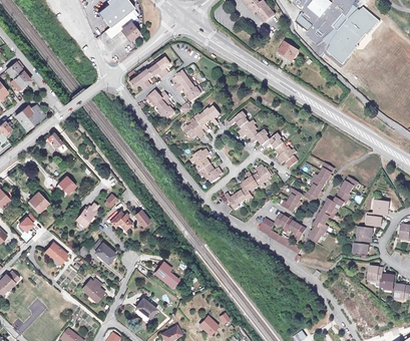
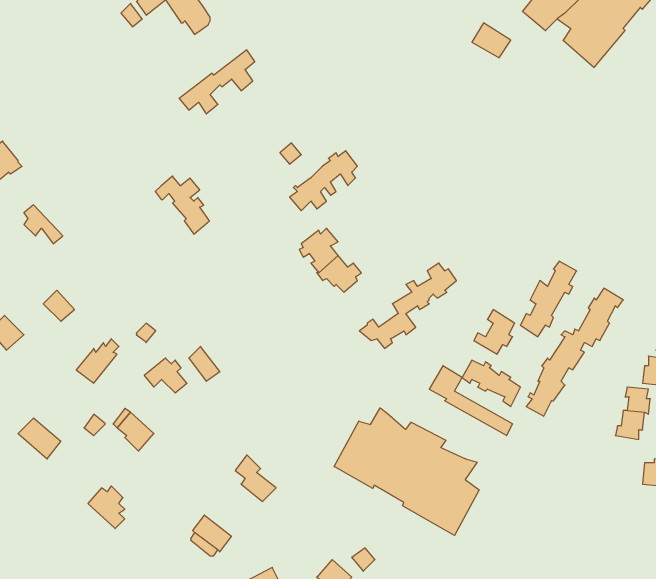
building: [172,69,201,99] -> none
building: [146,89,174,119] -> [155,176,209,234]
building: [232,110,297,167] -> none
building: none -> [334,408,479,535]

